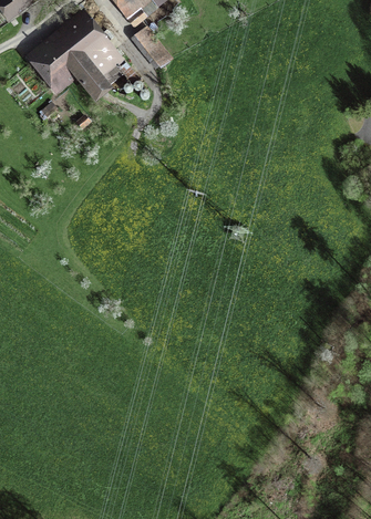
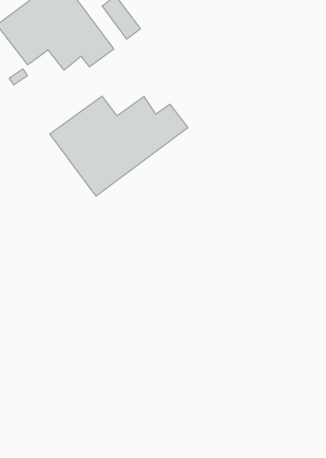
building: none -> [50,96,188,196]

